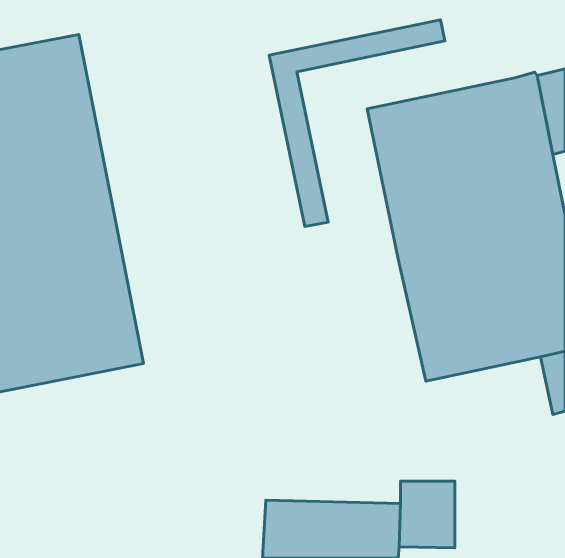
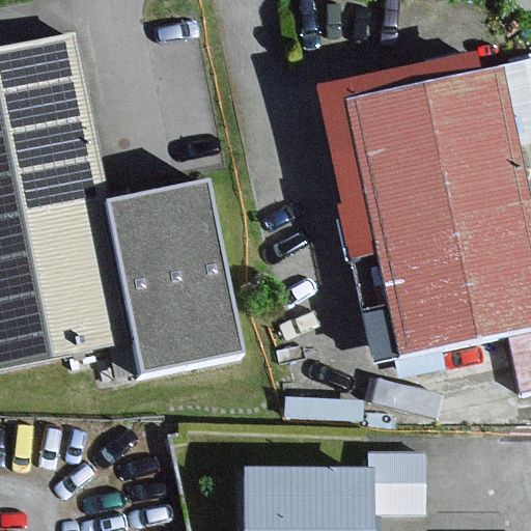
building: [269,20,445,226] -> [316,53,480,246]
building: none -> [107,181,245,374]

